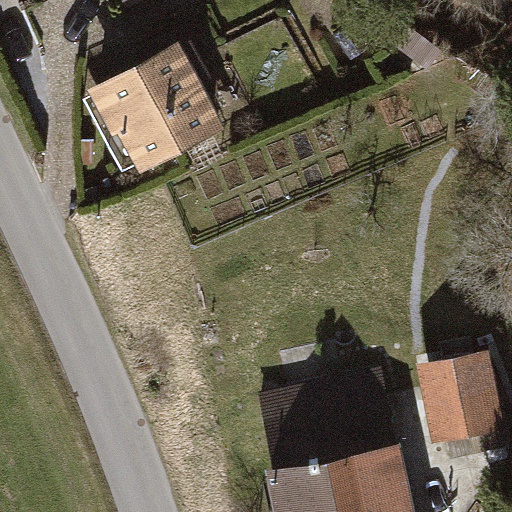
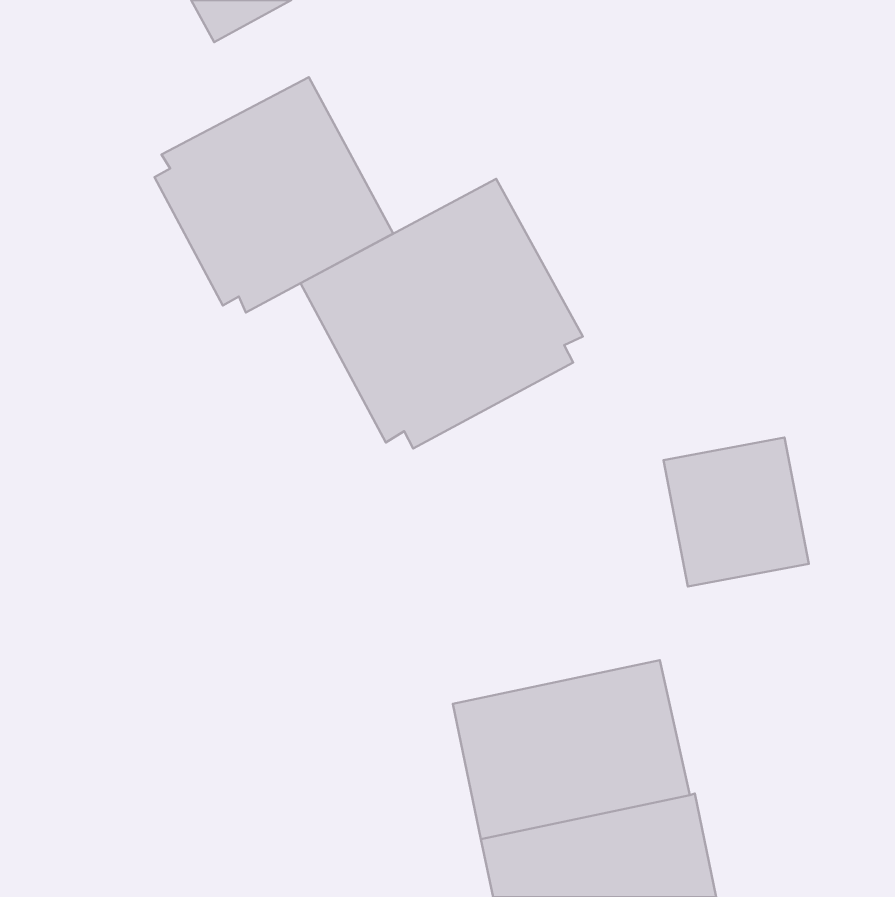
building: none -> [301,179,583,448]
building: [419,356,502,441] -> [663,437,809,587]

